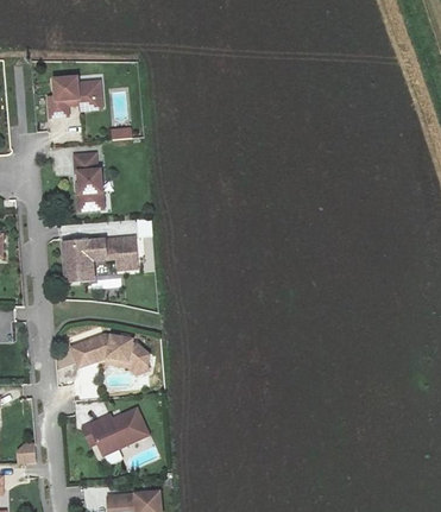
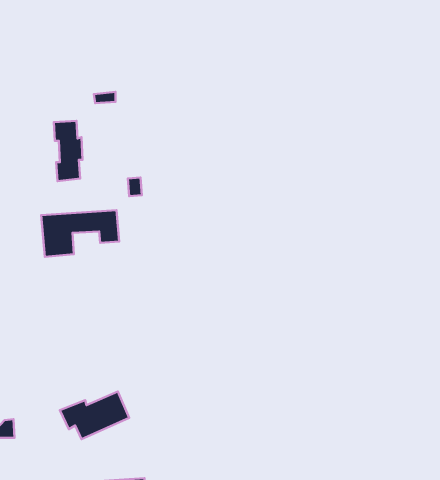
building: [48,77,96,118] -> none
building: [69,336,145,367] -> none

